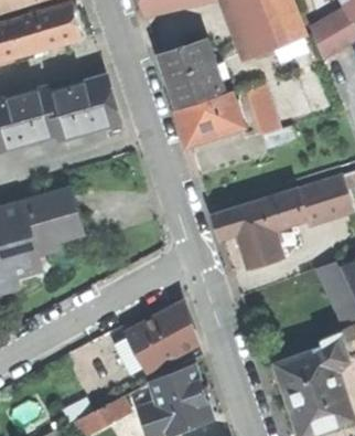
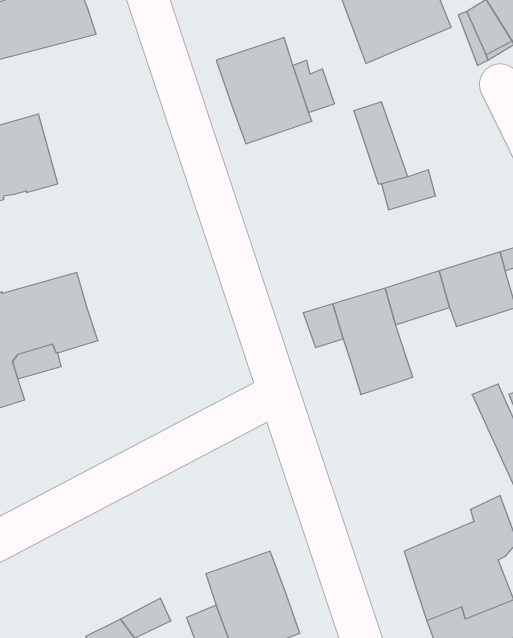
building: [46,76,118,138] -> none
building: [178,94,239,142] -> none
building: [127,305,198,372] -> none

